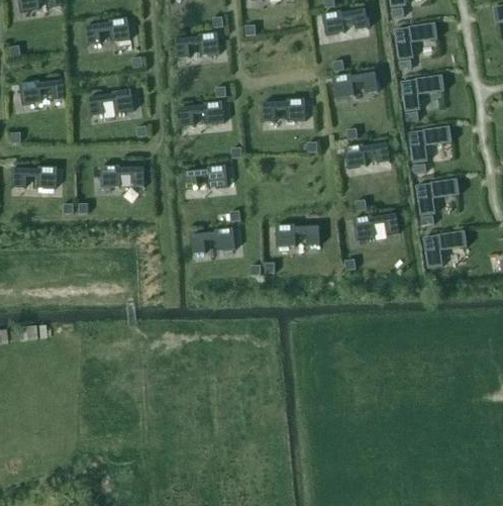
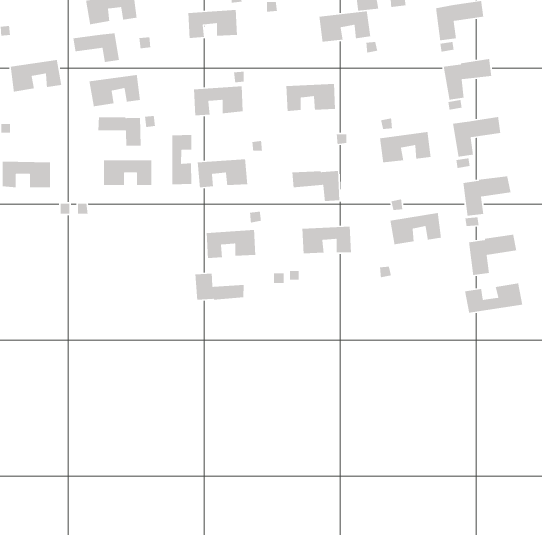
building: none -> [73,33,120,63]
building: [332,70,379,98] -> [319,11,371,43]
building: none -> [98,116,141,147]
building: none -> [171,134,192,185]
building: none -> [291,170,340,202]
building: none -> [194,273,244,301]
building: none -> [464,282,523,314]

